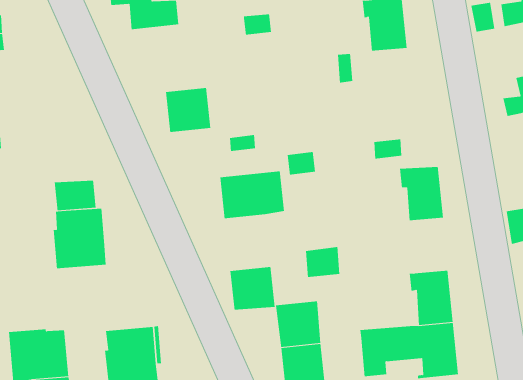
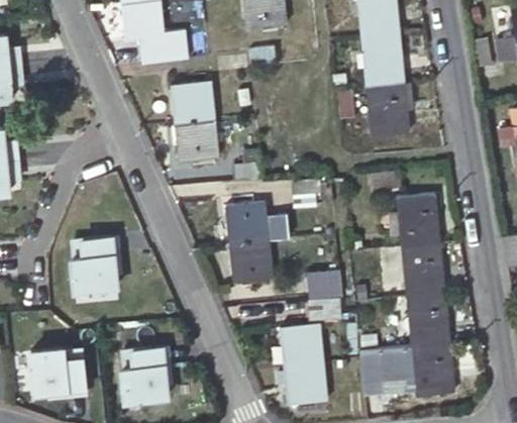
building: none -> [171,81,214,124]
building: none -> [366,83,408,136]
building: [54,180,96,211] -> none
building: none -> [400,243,442,296]
building: [229,267,275,310] -> [230,240,274,282]

